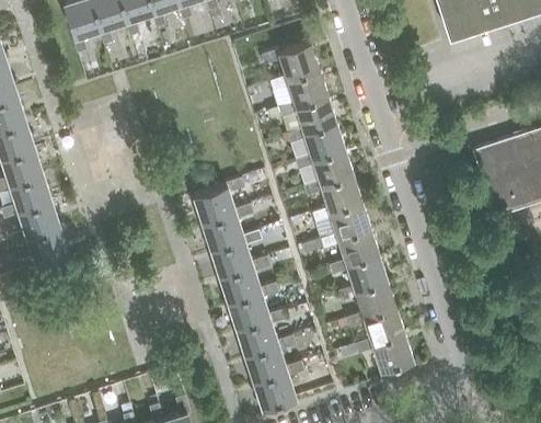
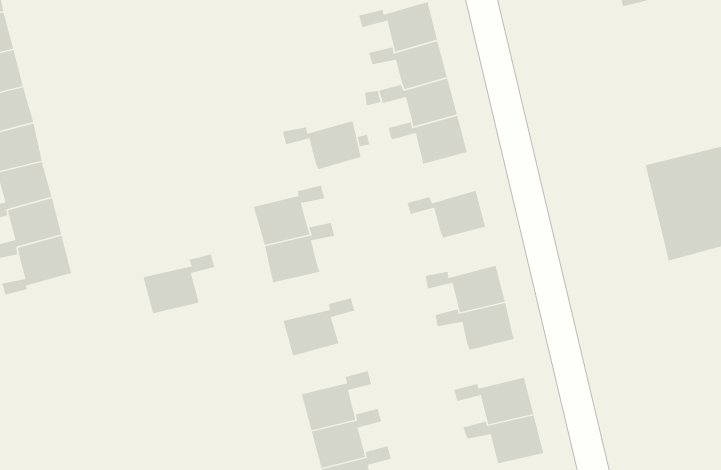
building: [295,151,353,188] -> [282,120,362,170]
building: [311,204,370,241] -> none
building: [211,233,263,279] -> [143,253,215,314]
building: [336,283,395,319] -> none
building: [229,285,278,331] -> none

